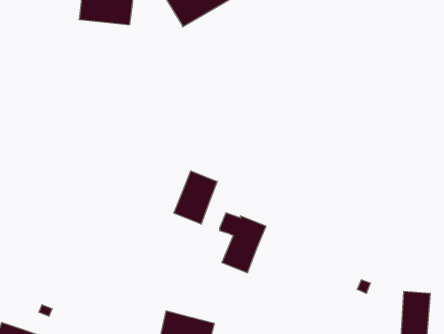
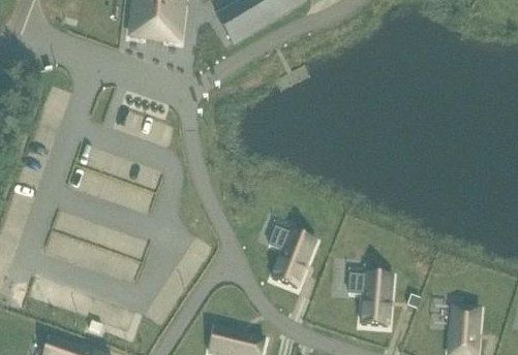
building: [174,171,217,224] -> none
building: none -> [348,272,392,325]

